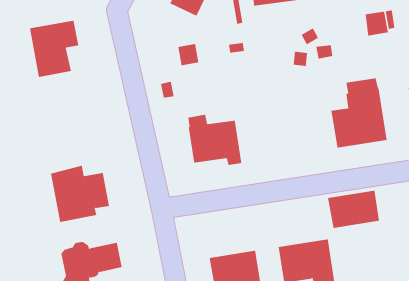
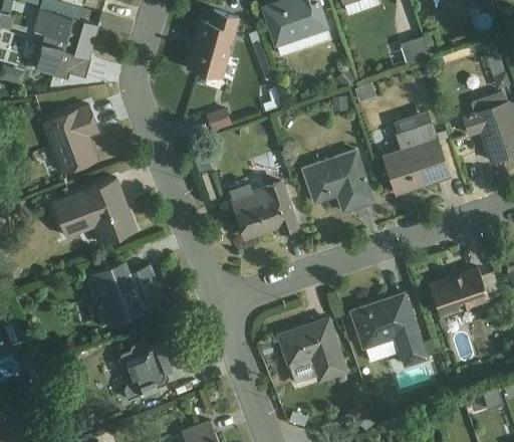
building: none -> [52,179,137,244]
building: none -> [301,150,373,212]
building: [327,190,380,228] -> [429,268,490,317]

